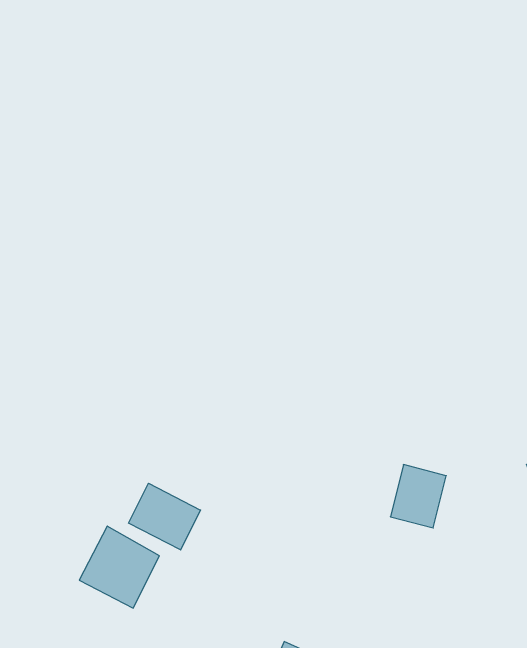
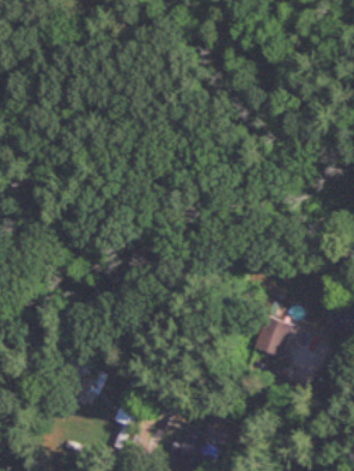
building: [129,483,201,550] -> none

